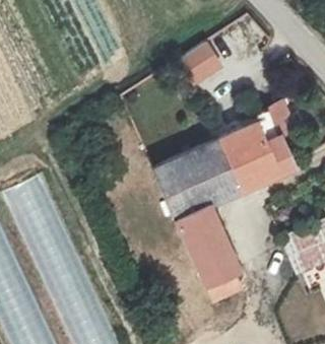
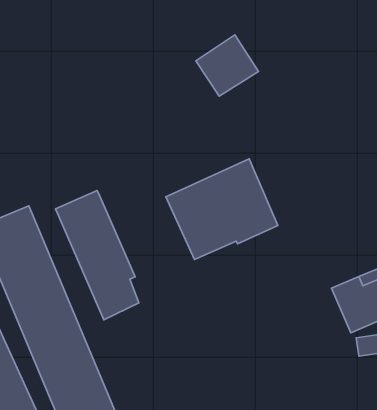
building: [217,110,291,190] -> none
building: [175,202,240,302] -> [55,190,139,320]

